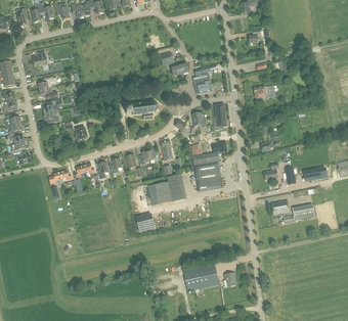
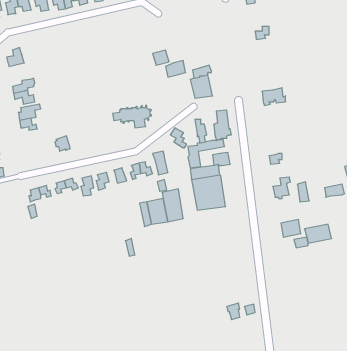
building: [182,263,218,291] -> none

